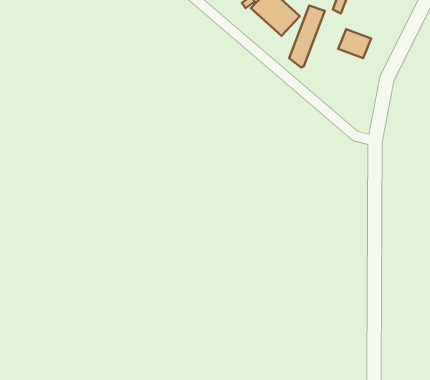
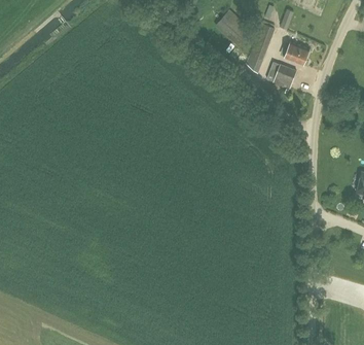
building: none -> [264,63,296,90]

